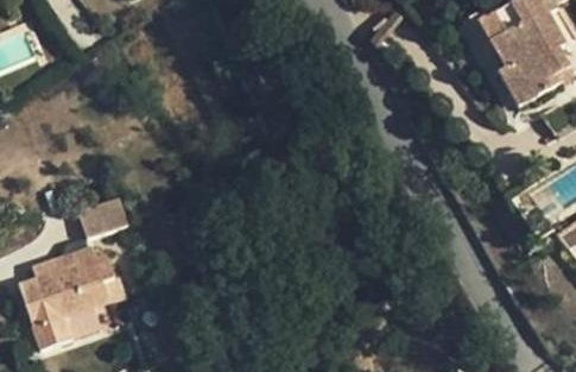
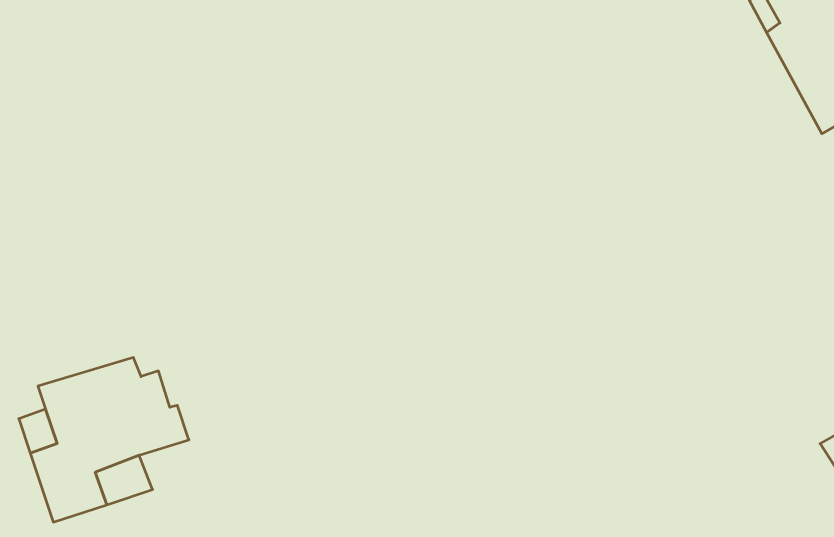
building: [78,198,126,238] -> none

